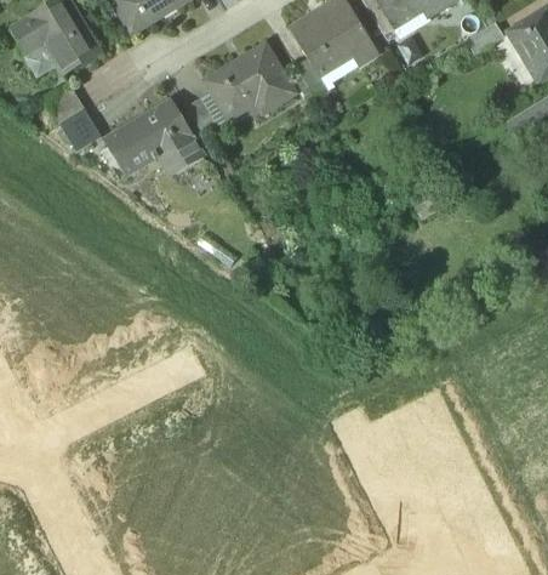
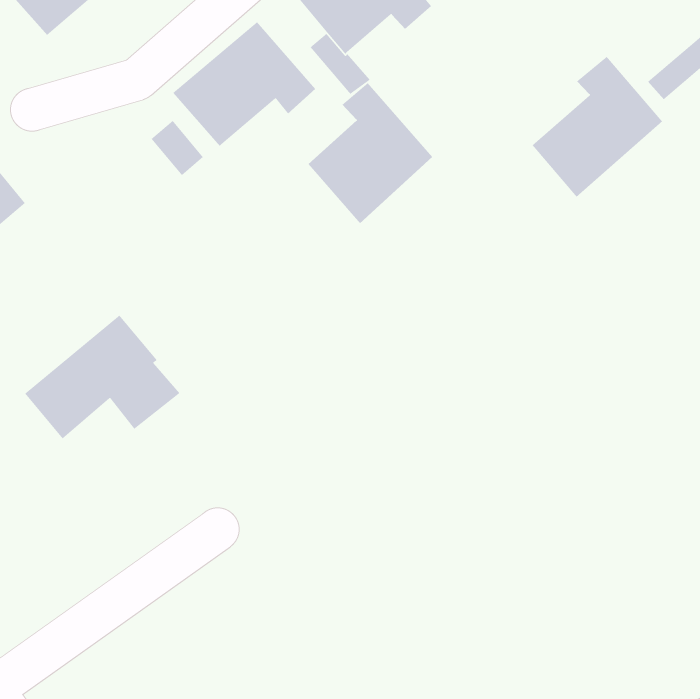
building: none -> [307,82,433,224]
building: [104,101,202,175] -> [24,314,180,439]
building: none -> [532,56,663,198]

